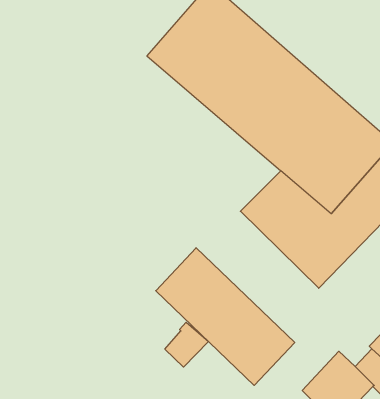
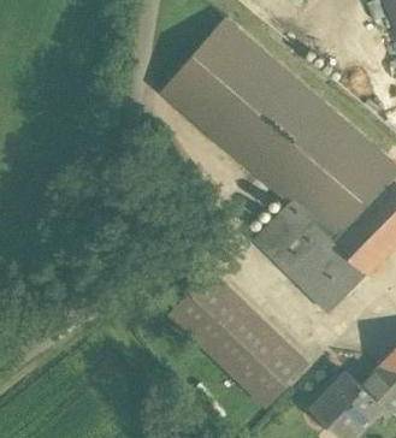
building: [165,322,209,367] -> none

